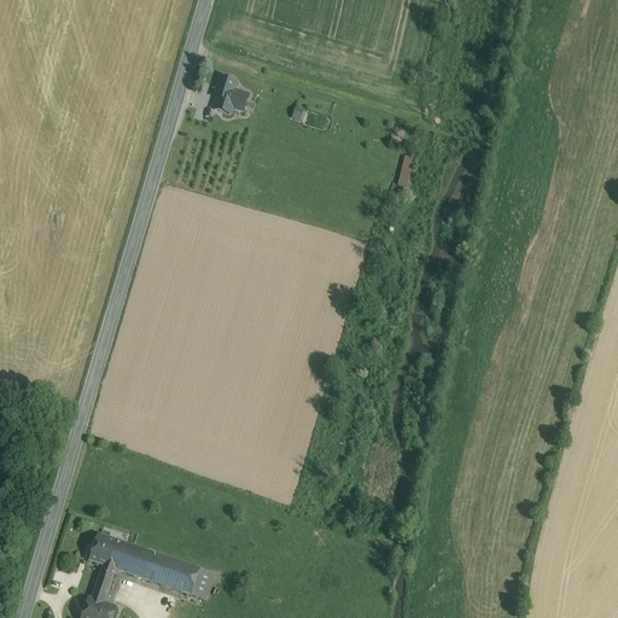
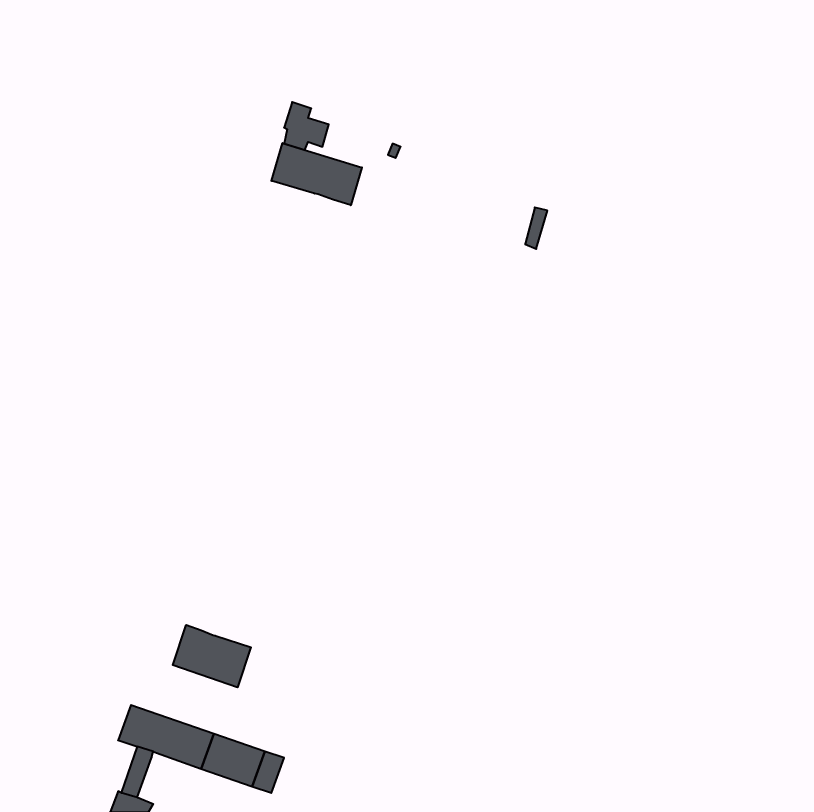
building: none -> [271,143,362,205]
building: none -> [173,625,251,687]

